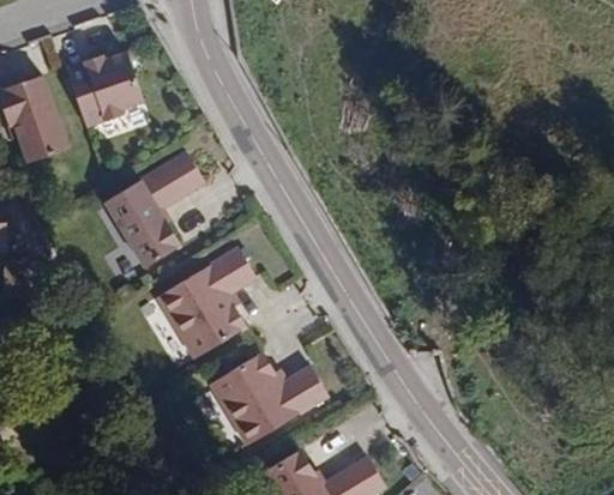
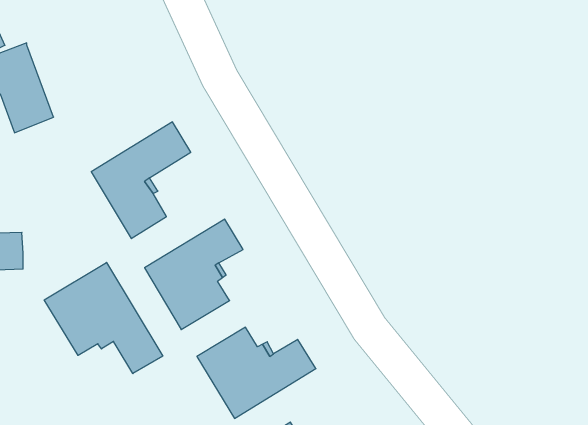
building: [64,52,142,127] -> none
building: none -> [44,262,163,374]

